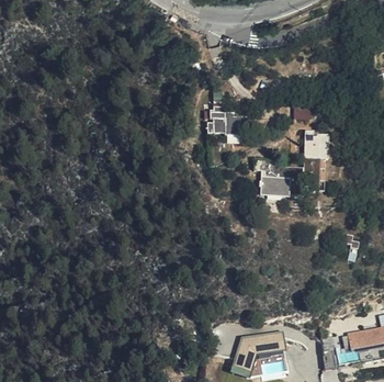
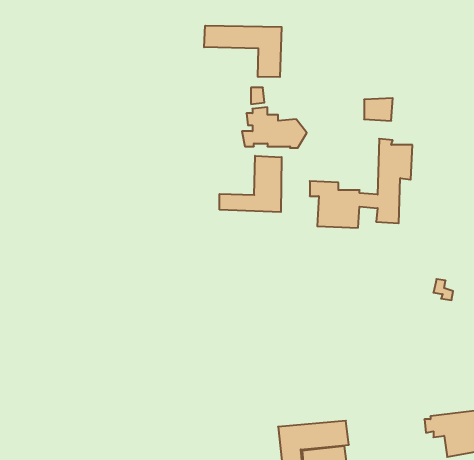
building: none -> [204,26,282,77]
building: none -> [220,156,282,212]

